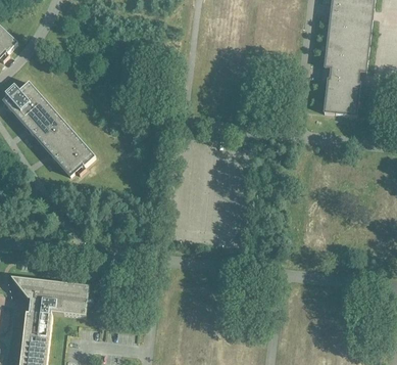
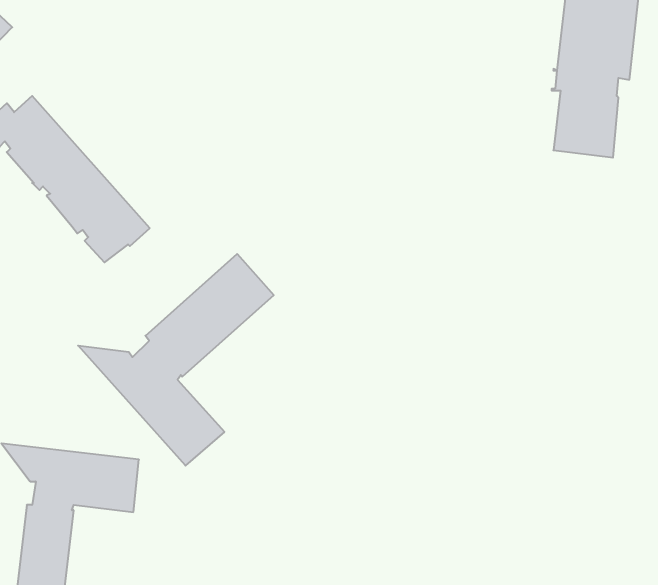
building: none -> [78,254,274,466]

